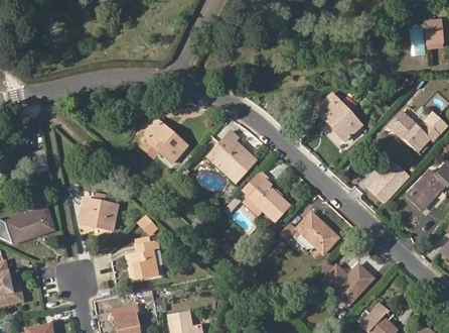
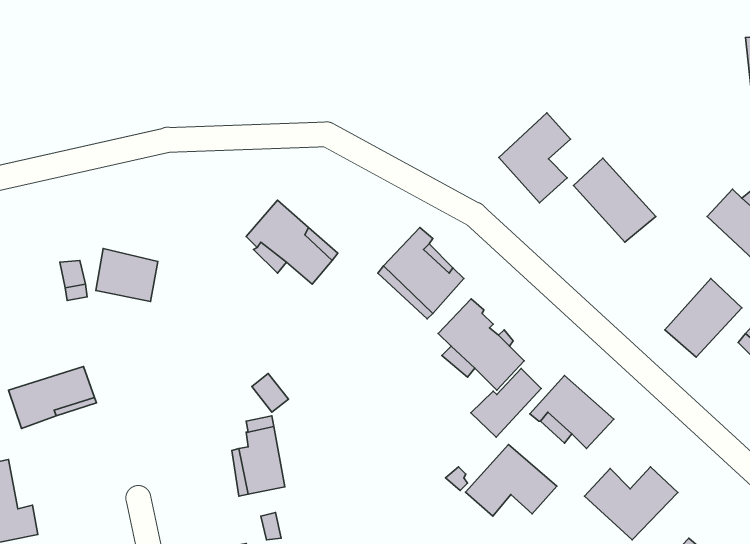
building: none -> [499,113,571,203]
building: [81,199,115,228] -> [96,249,158,302]
building: none -> [471,369,541,437]
building: none -> [466,444,557,516]

